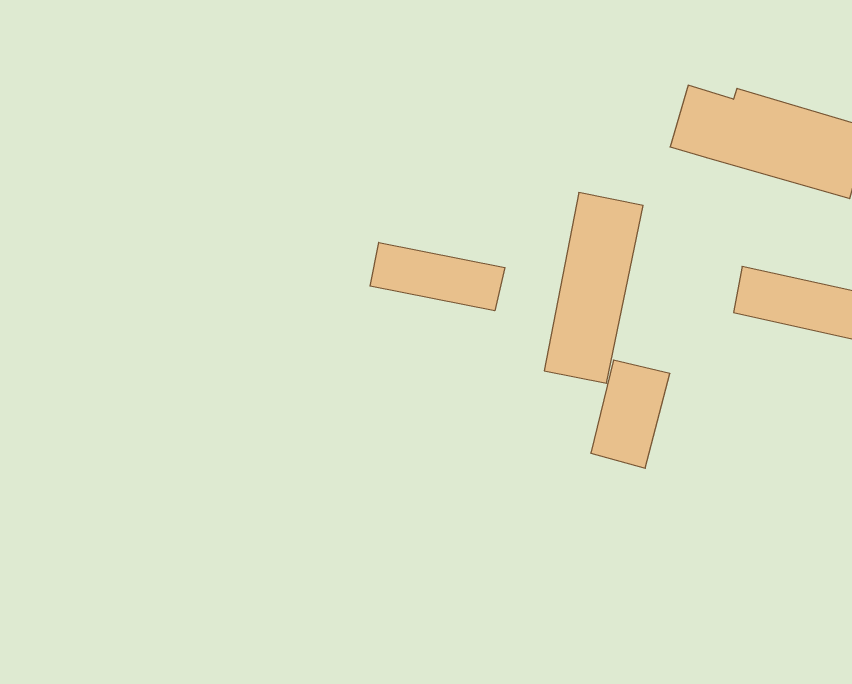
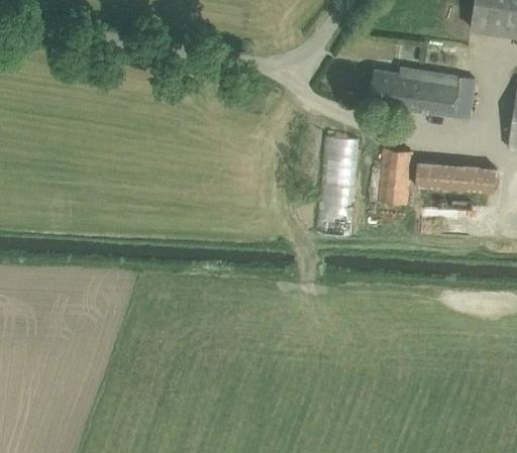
building: [370,242,505,311] -> none
building: [591,360,670,468] -> [377,149,413,205]

